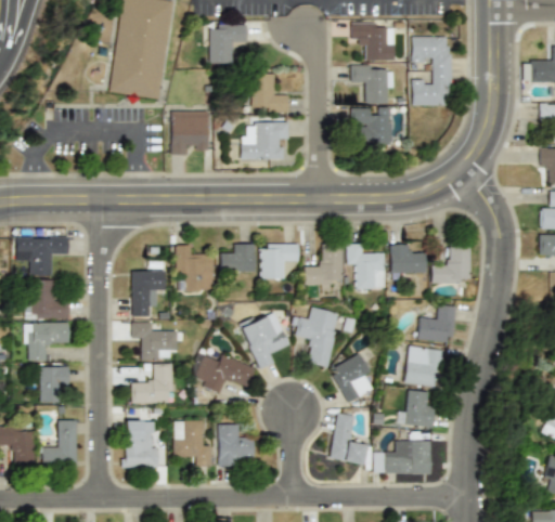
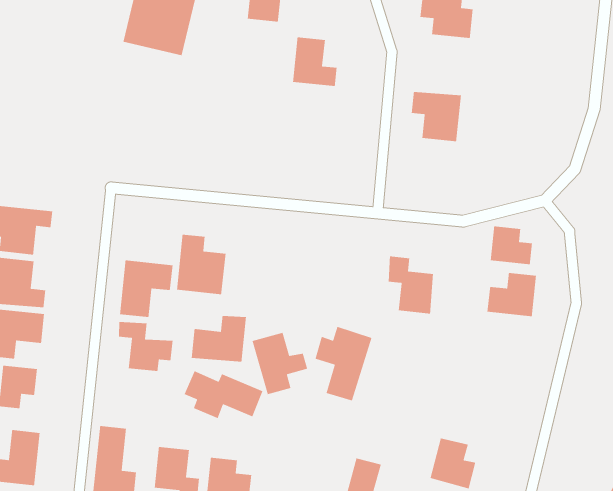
building: [413,36,452,105] -> none
building: [351,65,392,104] -> none
building: [172,112,208,155] -> none
building: [242,122,289,160] -> none
building: [220,244,256,273] -> none
building: [261,244,300,279] -> none
building: [306,245,343,285] -> none
building: [391,245,425,274] -> [490,226,533,265]
building: [417,304,455,343] -> none
building: [405,347,443,388] -> none
building: [330,354,378,403] -> none
building: [132,364,175,403] -> [191,315,247,363]

